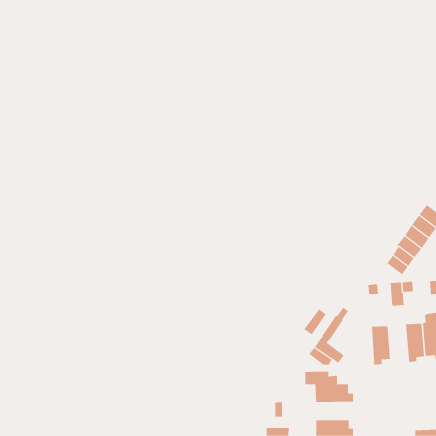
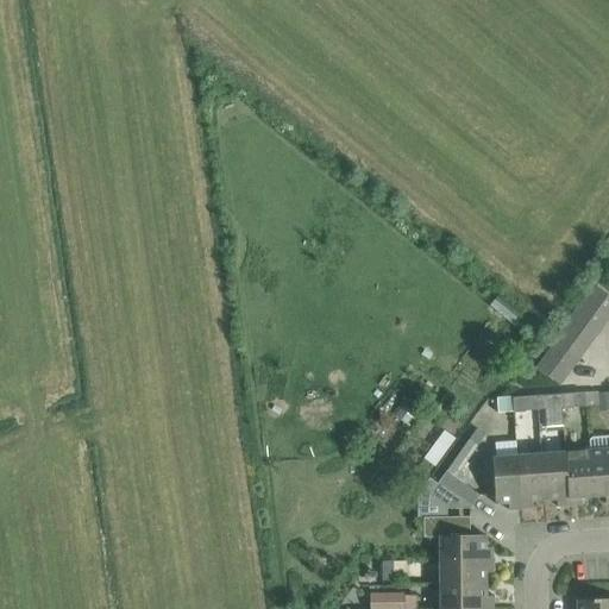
building: none -> [541,451,570,506]
building: none -> [492,454,521,509]
building: none -> [440,559,494,584]

